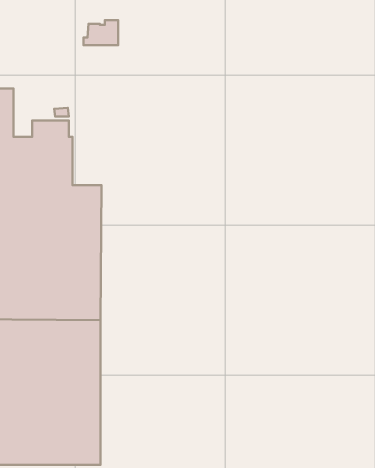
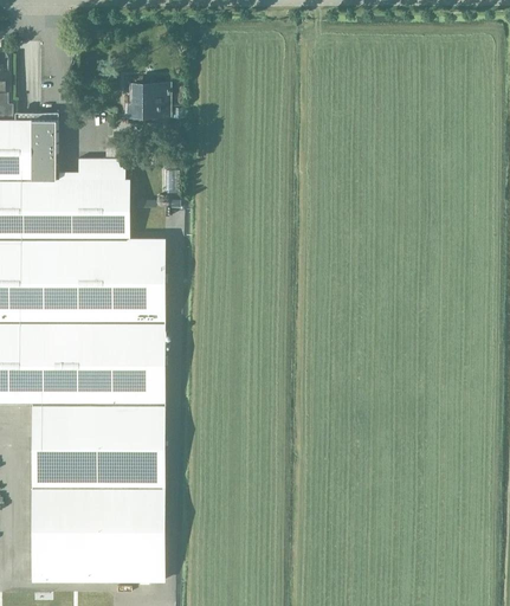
building: [84,20,118,45] -> [128,84,170,115]

